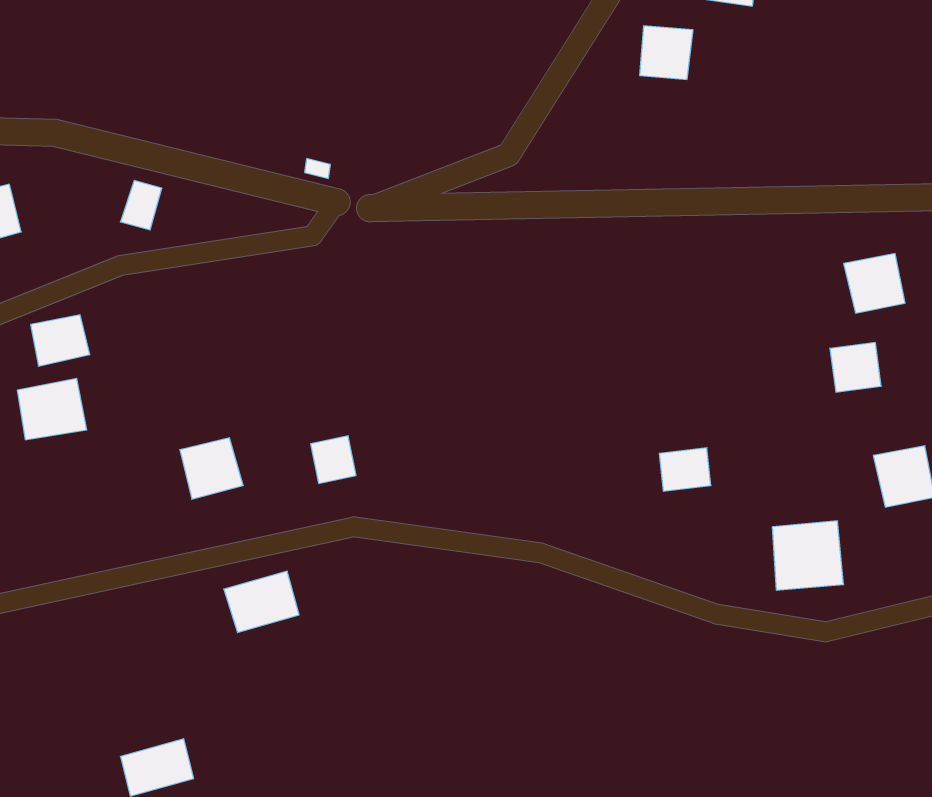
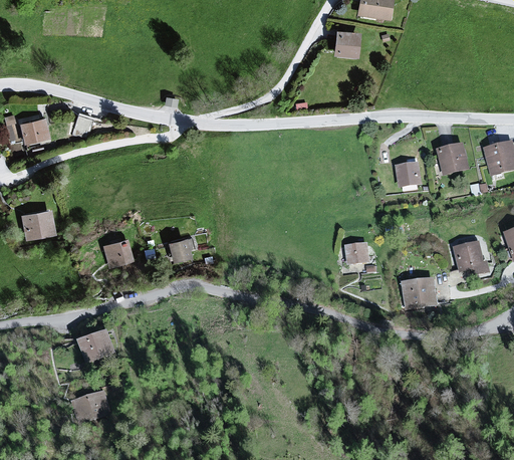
building: [31,315,90,366] -> [20,117,50,143]
building: [830,343,881,392] -> [396,163,422,188]
building: [224,571,299,633] -> [76,331,114,363]

